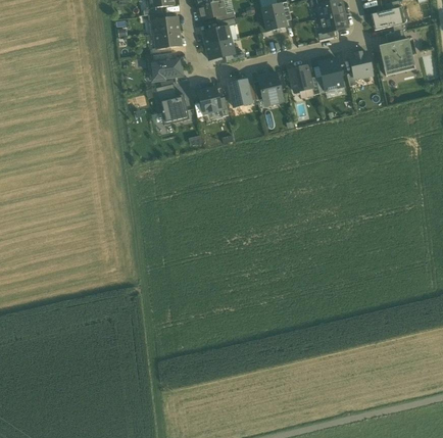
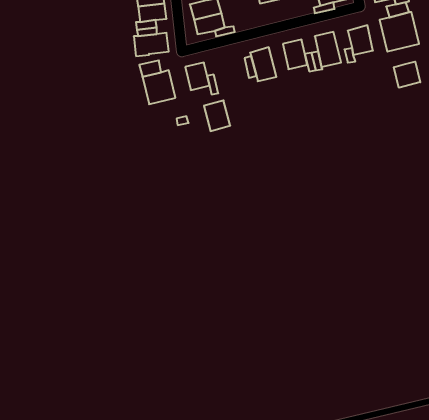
building: [229,79,253,107] -> [204,100,230,131]
building: none -> [394,62,420,88]

